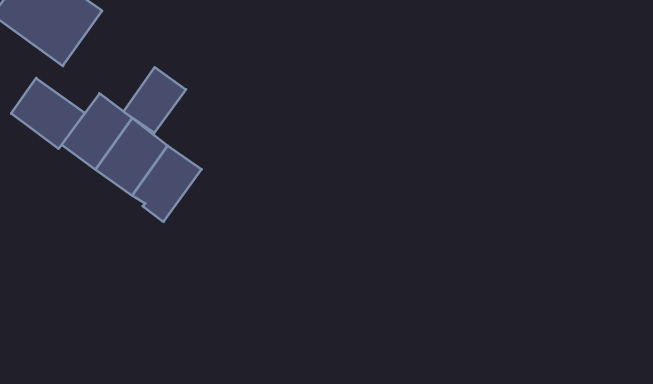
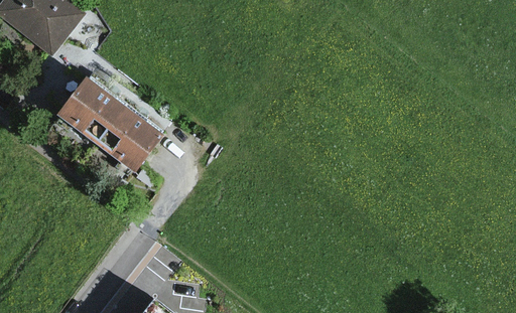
building: [124,67,186,133] -> none
building: [11,78,85,149] -> none

